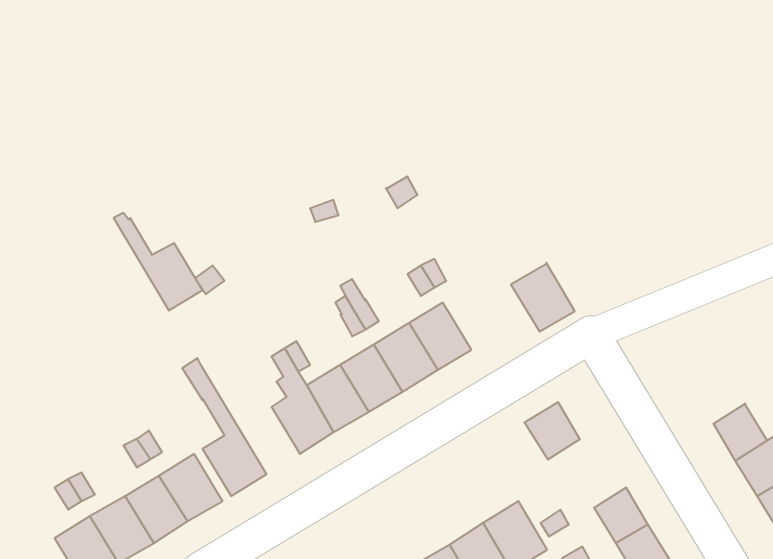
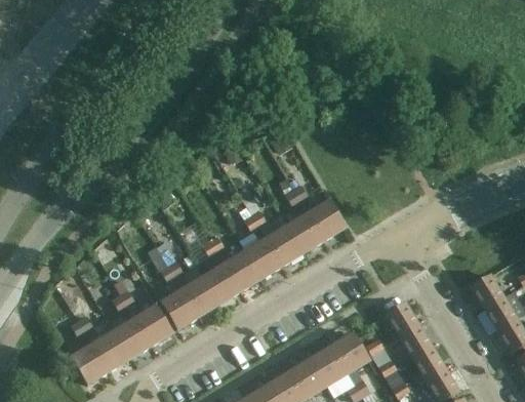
building: [114,213,203,310] -> [164,256,218,316]
building: [511,263,575,331] -> [306,198,345,240]
building: [524,402,580,459] -> [383,302,417,336]

